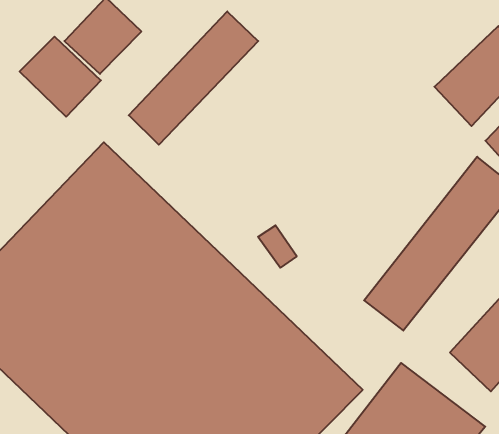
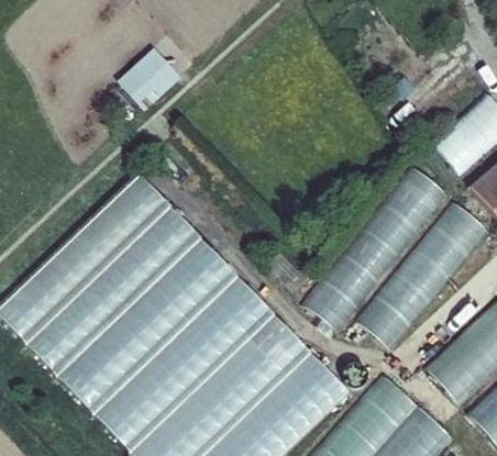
building: [129,11,258,145] -> none
building: [20,37,101,117] -> none
building: none -> [311,165,445,334]

